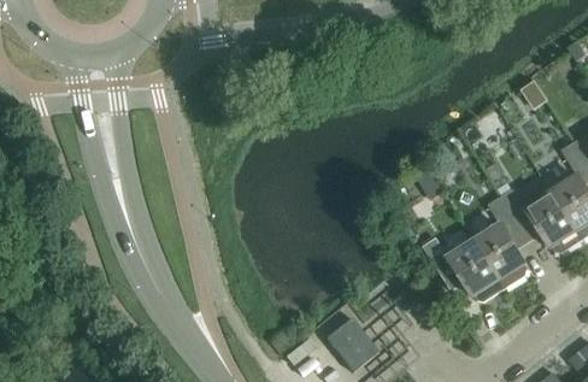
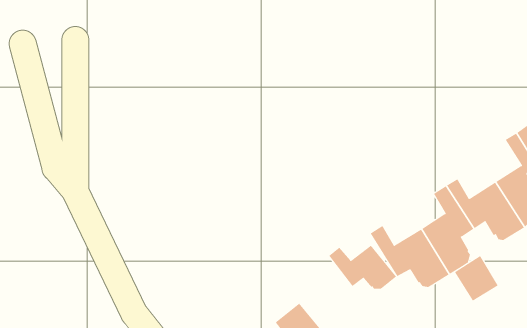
building: none -> [328,245,397,290]
building: none -> [454,255,499,301]

